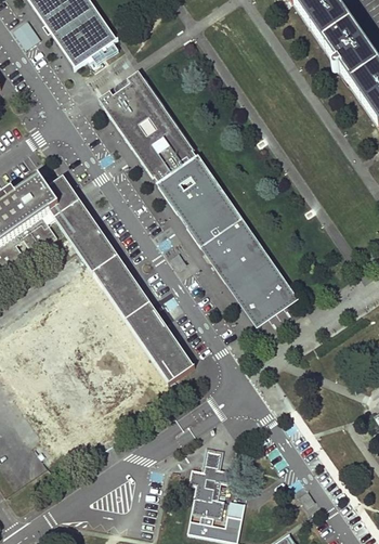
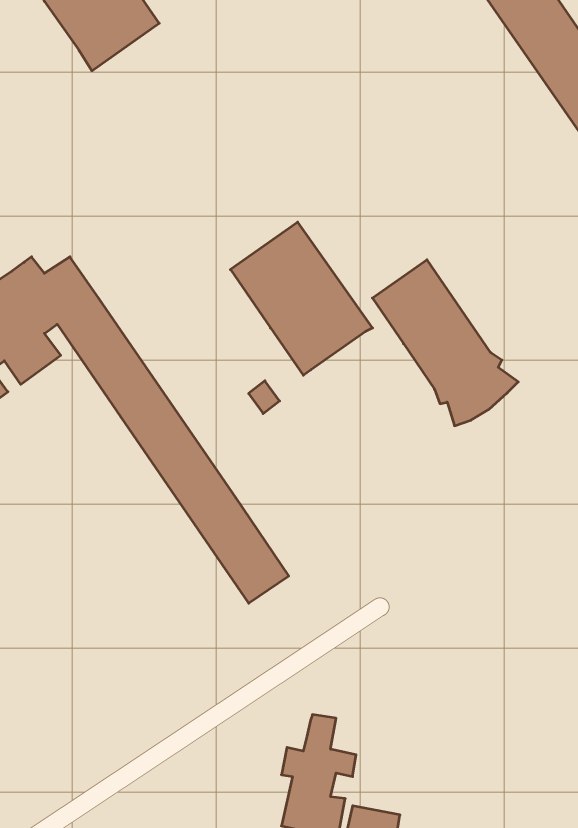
building: [99,70,198,184] -> none
building: [206,221,292,320] -> [372,260,518,426]

